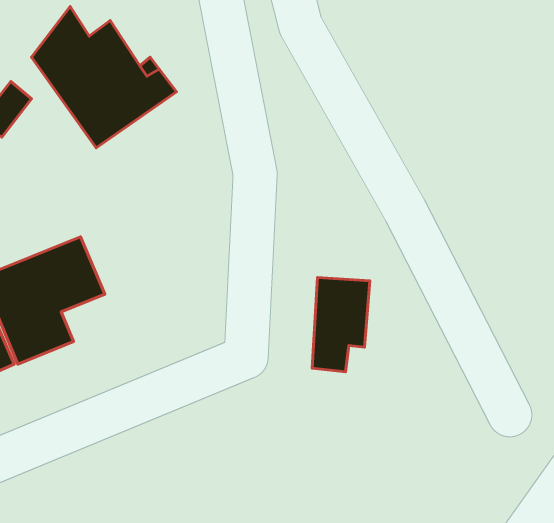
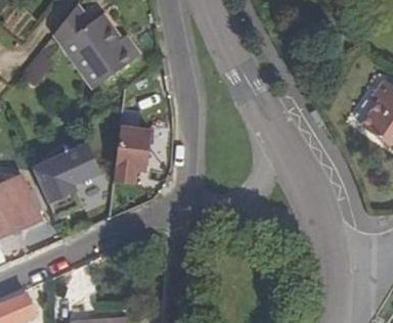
building: [312,277,370,372] -> [121,127,155,182]

